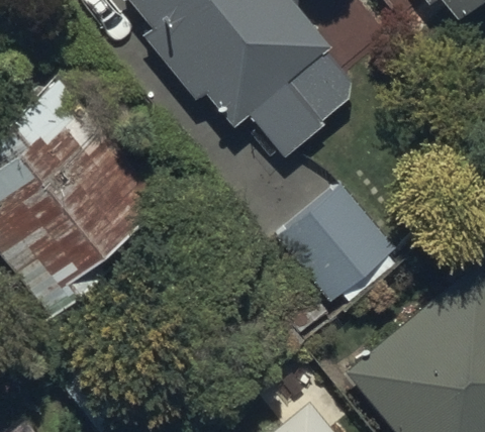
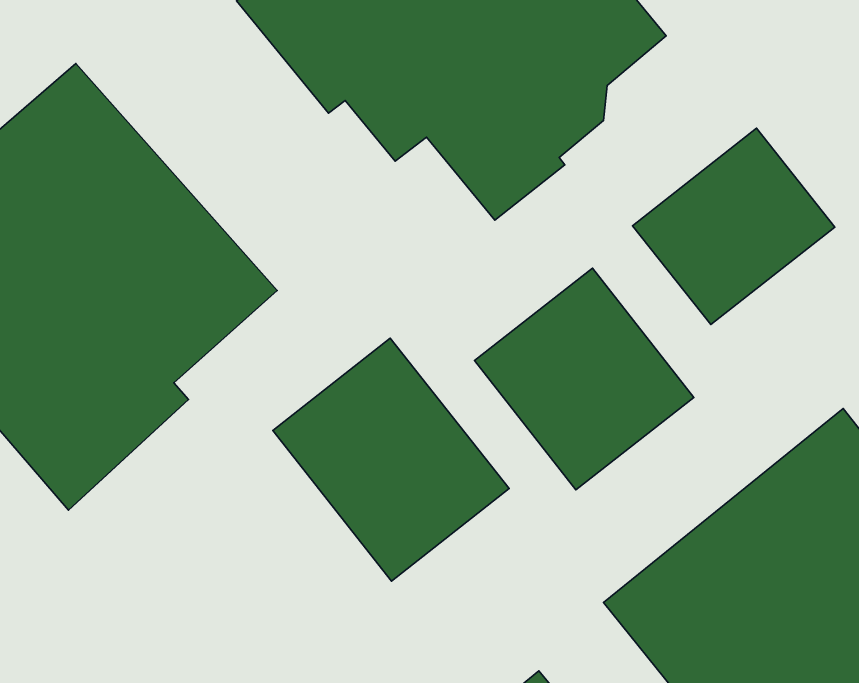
building: none -> [632,128,835,325]
building: none -> [273,338,509,581]

